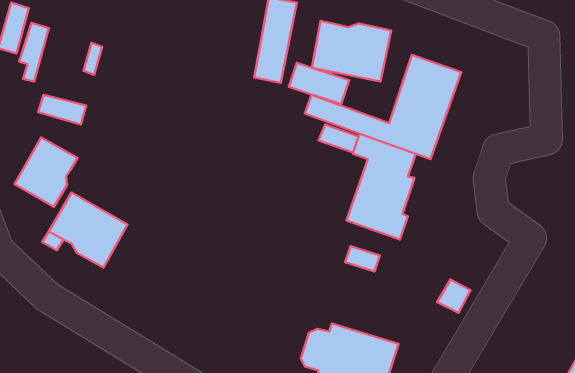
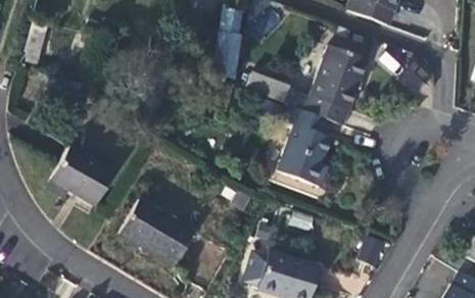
building: [312,21,391,82] -> none
building: [15,138,77,207] -> none
building: none -> [121,206,191,268]

